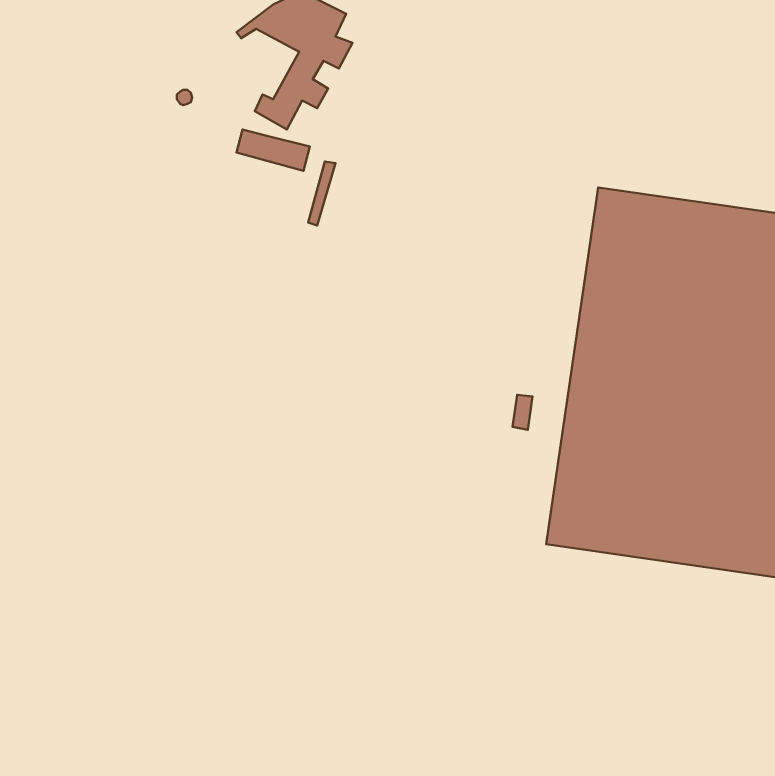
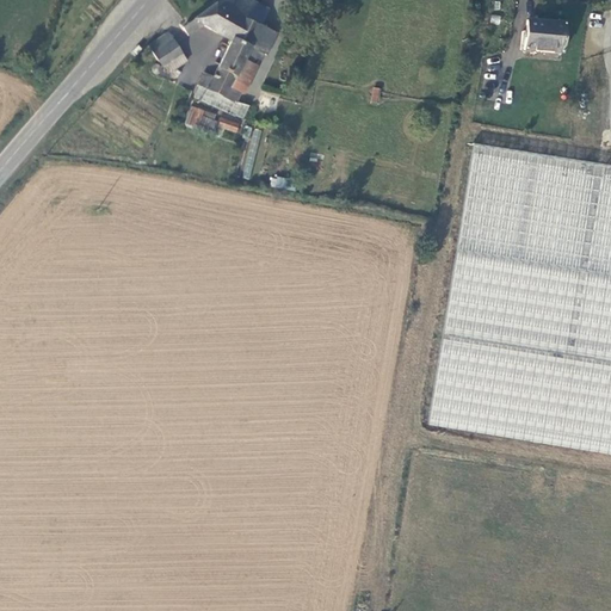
building: none -> [527,17,567,49]
building: none -> [152,29,187,64]

